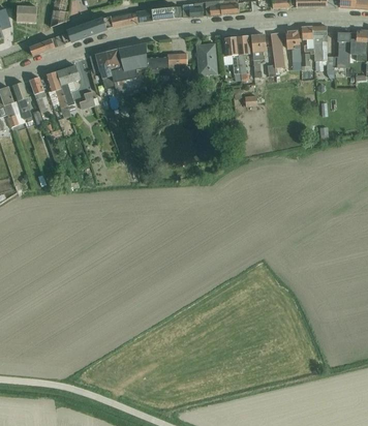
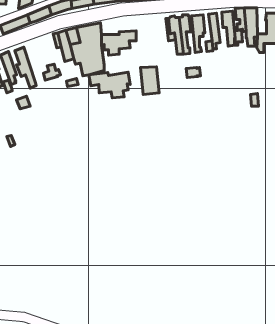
building: [196,43,218,75] -> [140,67,159,94]
building: [57,65,81,113] -> none
building: none -> [89,72,130,98]

